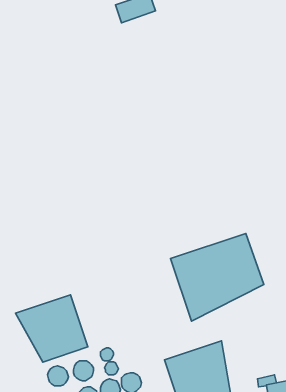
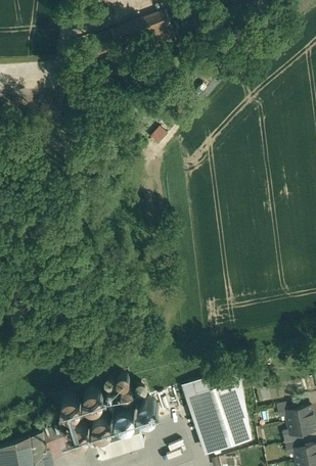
building: [171,233,264,321] -> none
building: [16,295,88,362] -> none

